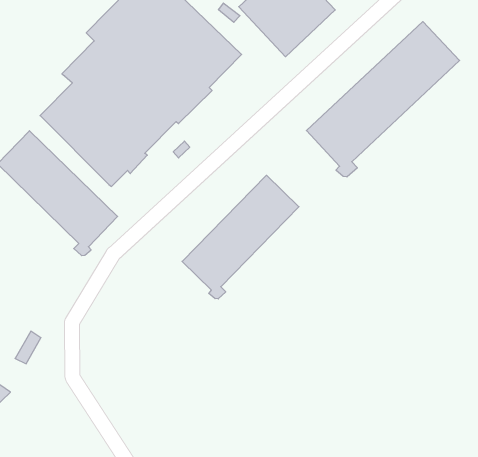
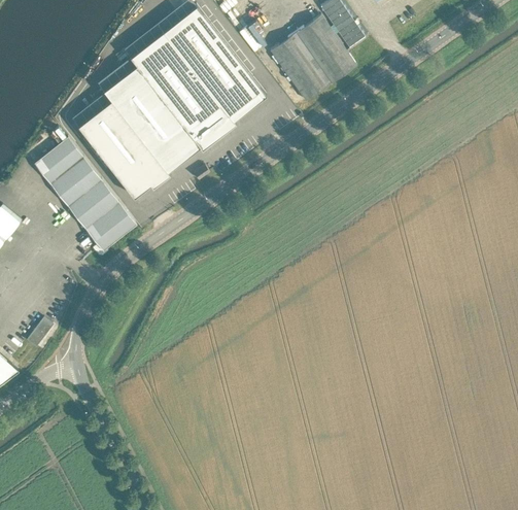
building: [306,22,460,177] -> none
building: [182,175,299,299] -> none

